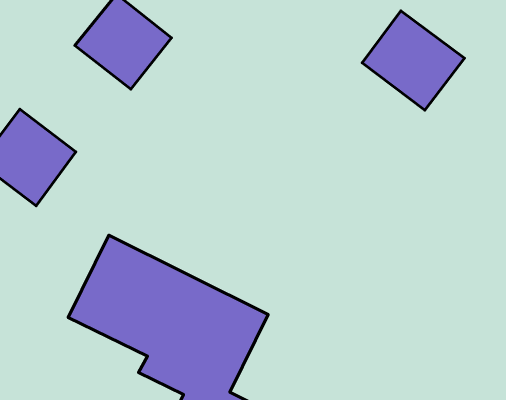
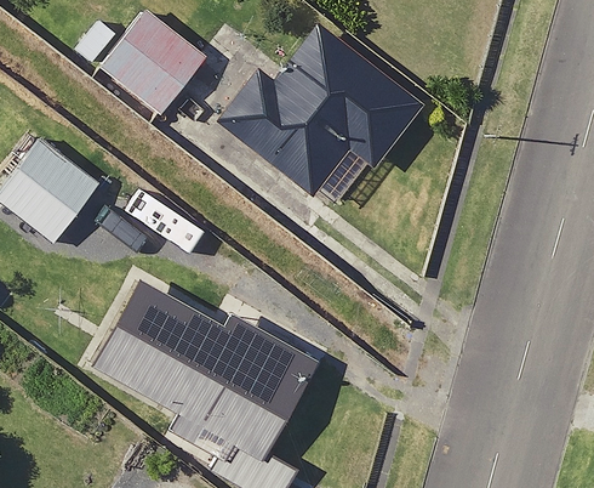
building: none -> [215,28,422,194]
building: [362,11,465,110] -> none

